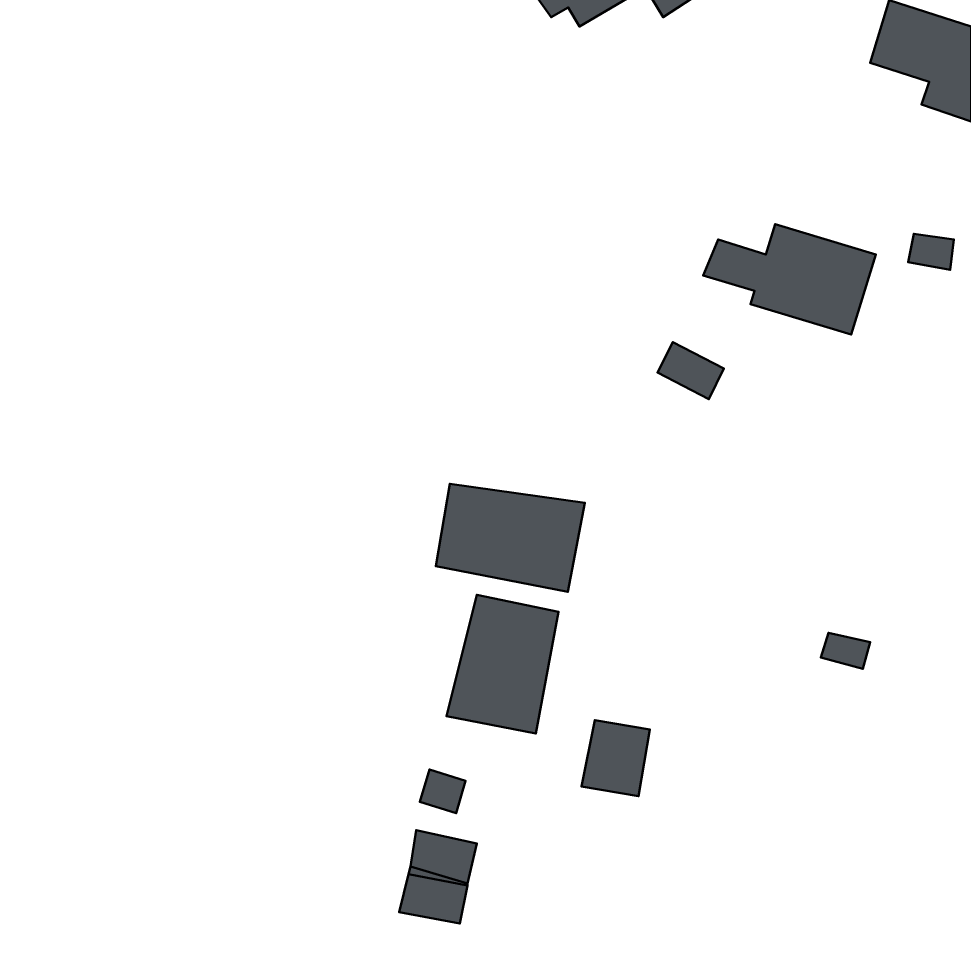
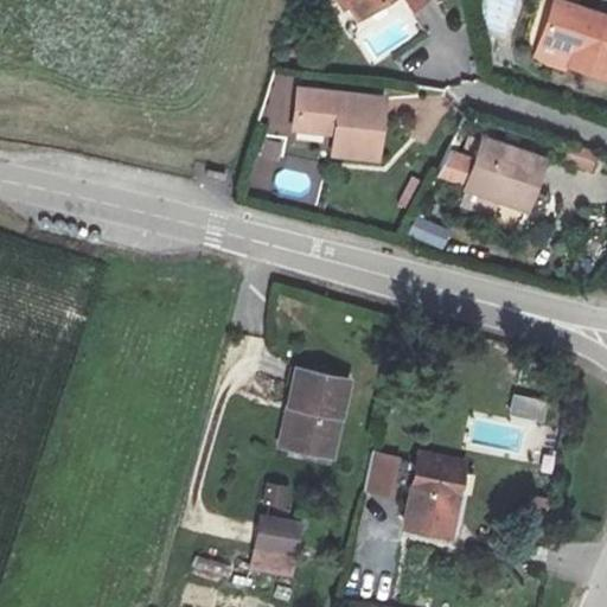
building: none -> [295,88,386,160]
building: [436,484,585,592] -> none
building: none -> [405,455,465,536]

